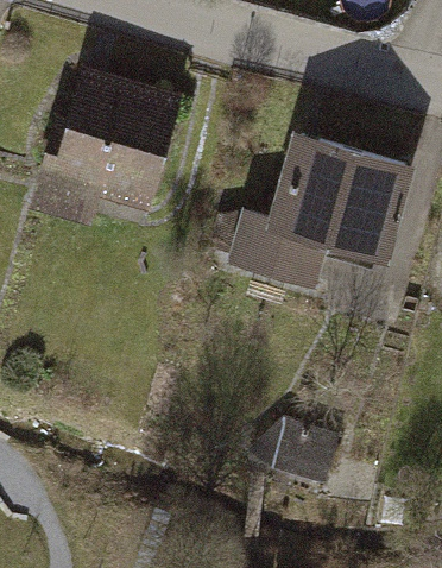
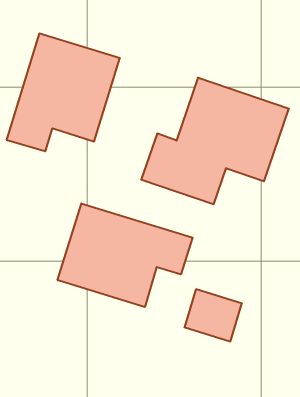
building: none -> [58,203,193,307]

